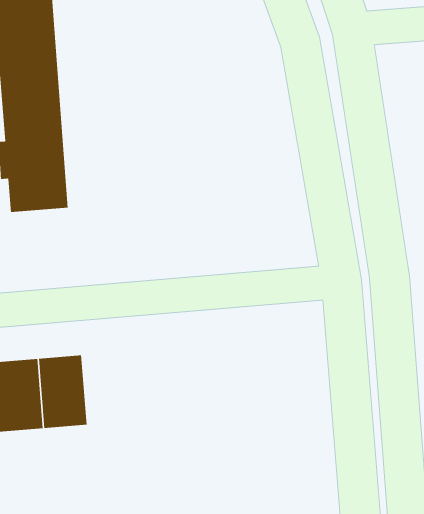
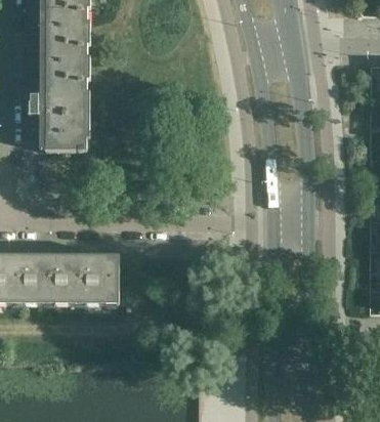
building: none -> [85,253,117,302]

